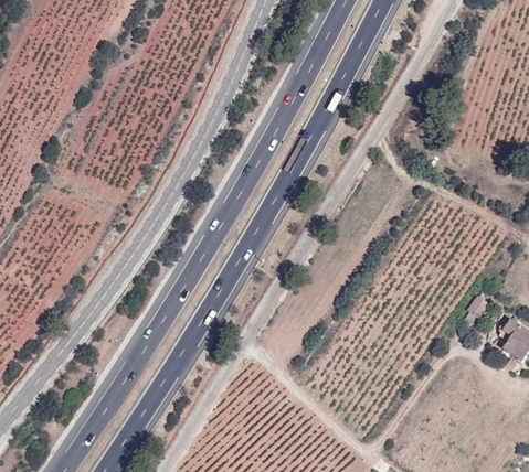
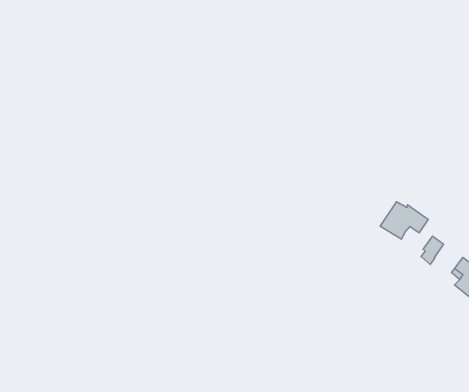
building: none -> [380,202,428,239]

